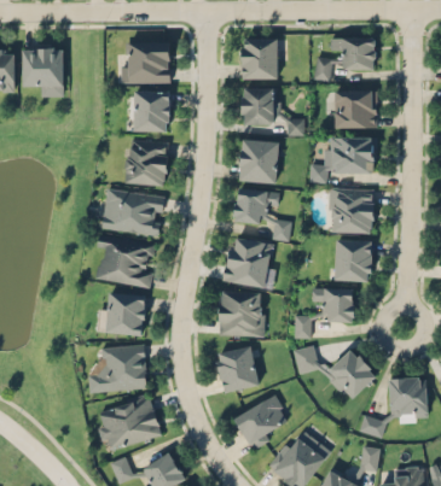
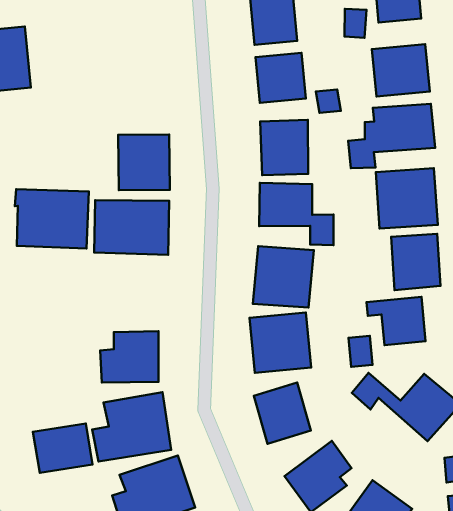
building: [123,41,169,82] -> none
building: [133,92,169,131] -> none
building: [95,235,156,287] -> [15,189,89,249]
building: none -> [33,424,93,473]

